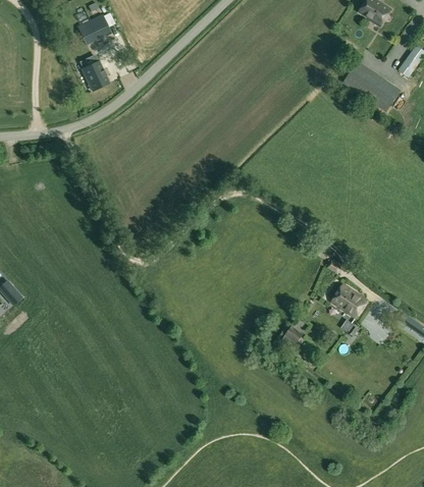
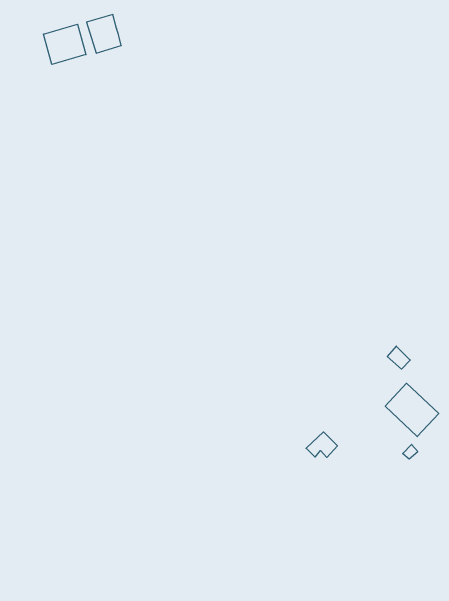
building: none -> [43,24,86,64]

